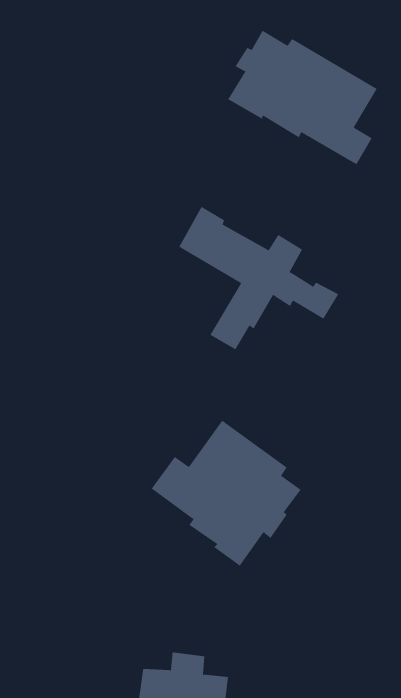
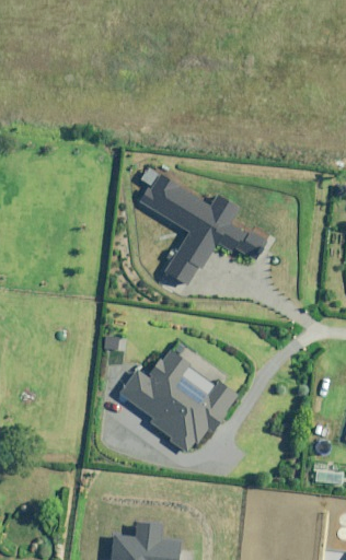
building: [227,30,378,165] -> none

